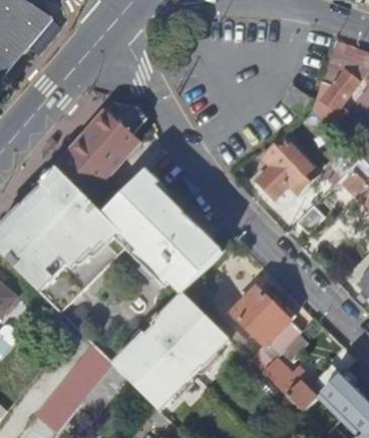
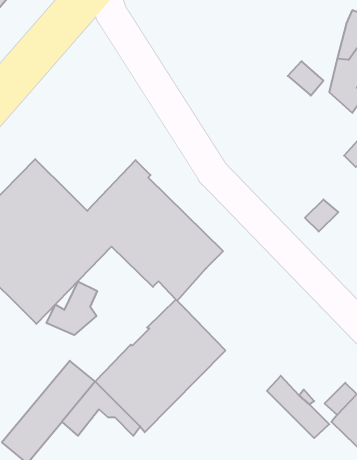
building: [58,101,147,199] -> none
building: [256,135,319,197] -> none
building: none -> [47,281,97,335]
building: [232,288,300,371] -> none

